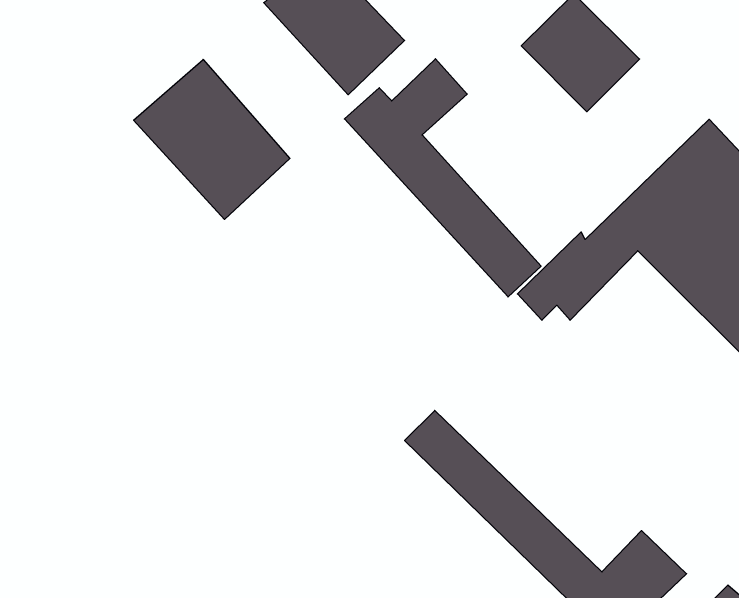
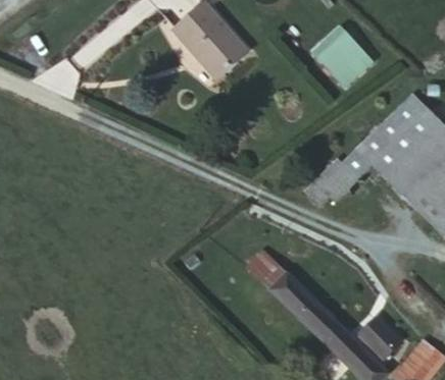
building: [344,59,541,297] -> none
building: [134,59,290,219] -> none

